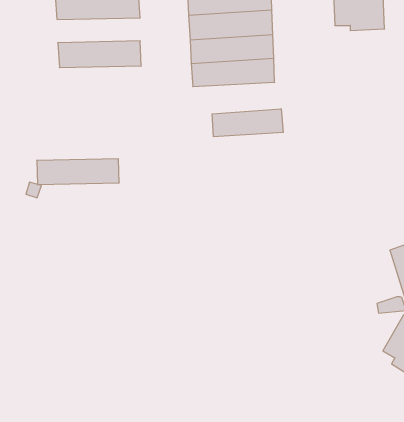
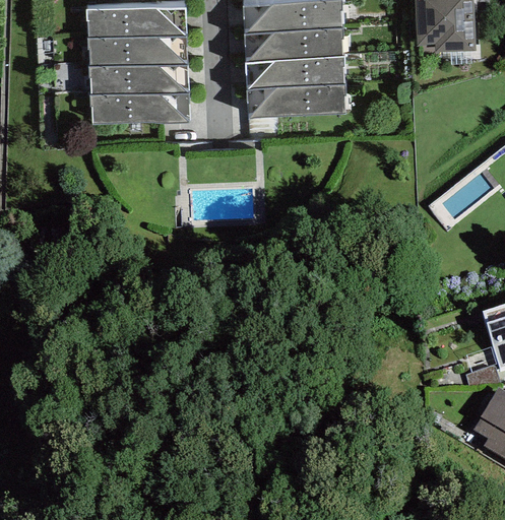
building: none -> [88,35,187,64]
building: [212,109,283,137] -> none
building: [37,159,119,185] -> [91,91,189,122]

